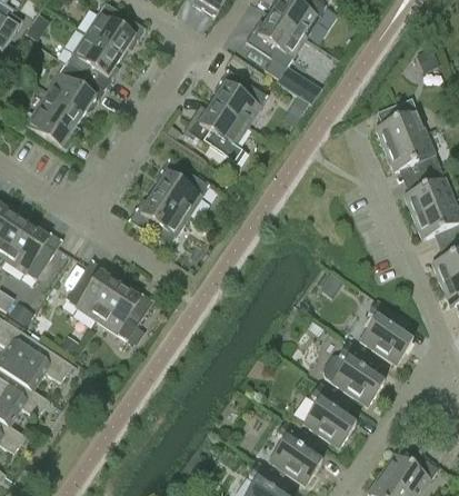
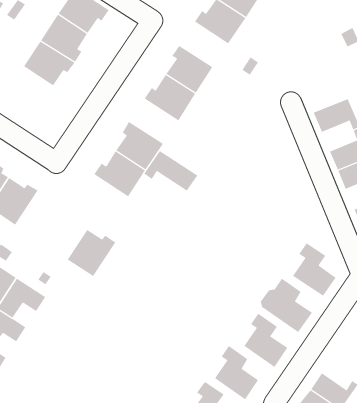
building: [24,93,80,151] -> none
building: [375,98,425,148] -> none
building: none -> [144,150,198,192]
building: [64,259,119,320] -> none

